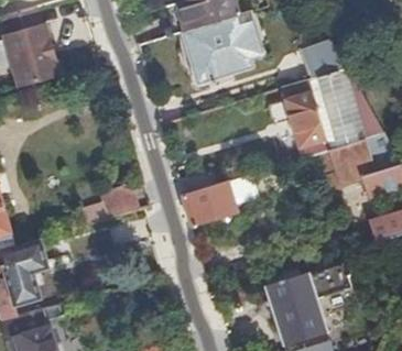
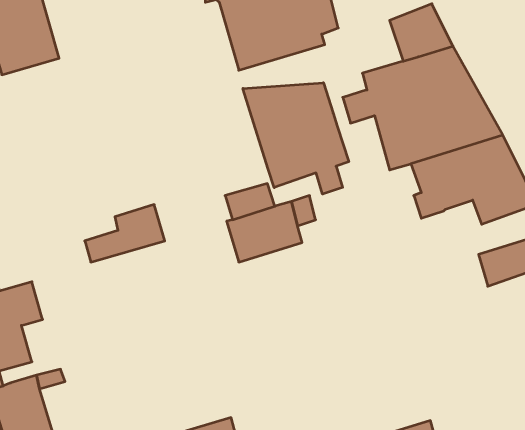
building: none -> [243,83,349,194]
building: [267,263,350,343] -> none

